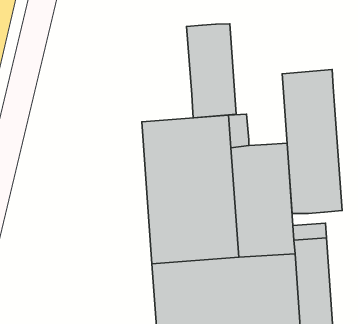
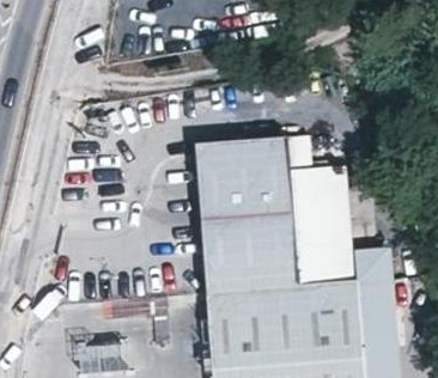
building: [187,24,236,118] -> none
building: [282,70,342,213] -> none

